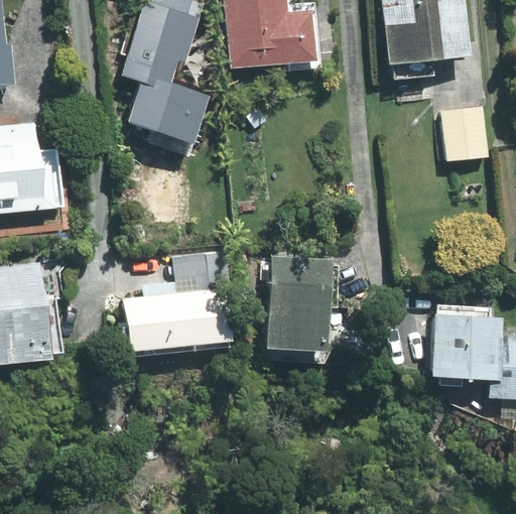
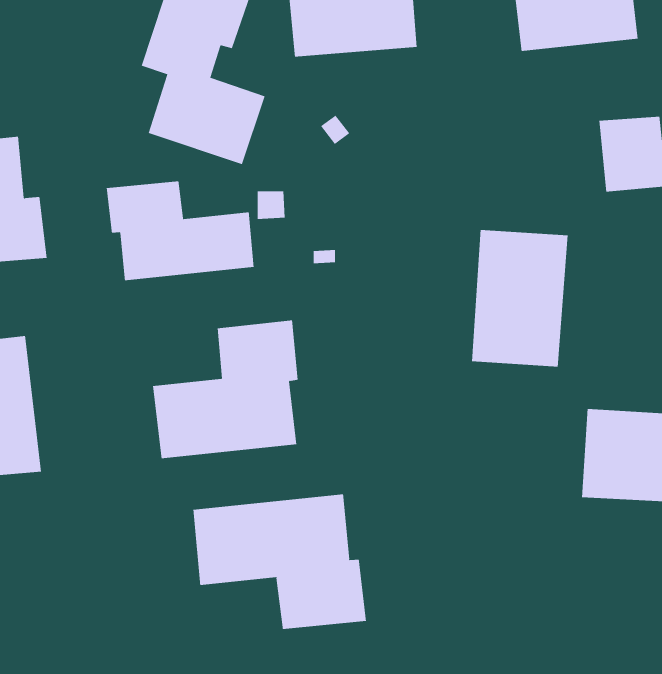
building: none -> [106,180,254,281]
building: [265,257,334,354] -> [471,229,569,367]
building: none -> [193,494,367,630]

